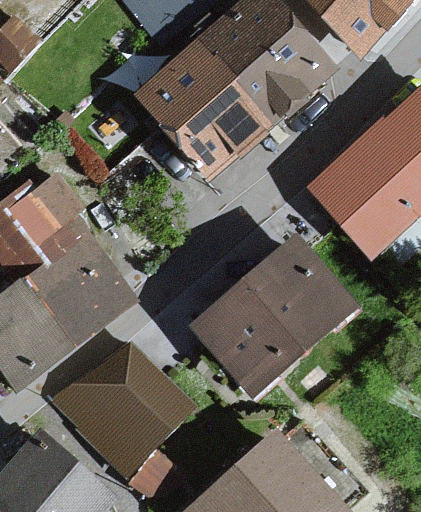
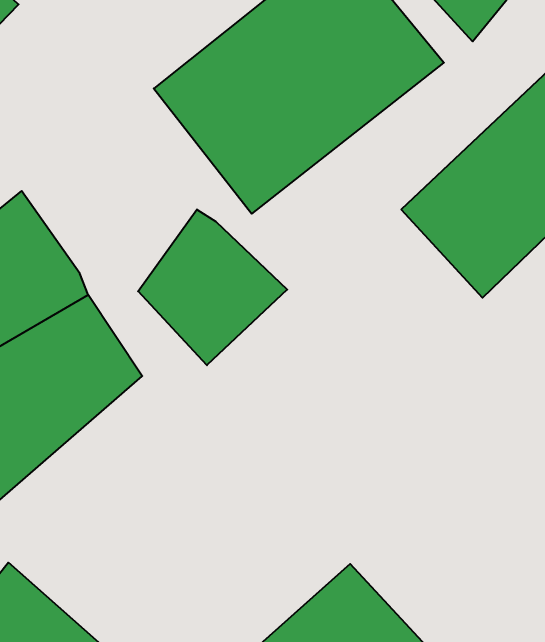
building: none -> [138,209,287,365]
building: [194,238,361,398] -> none
building: [55,339,199,477] -> none

